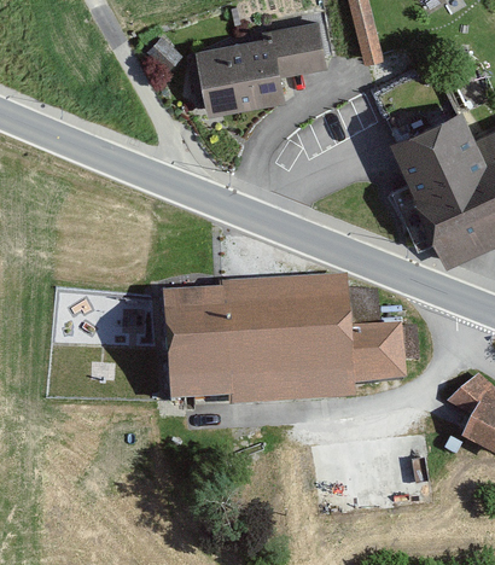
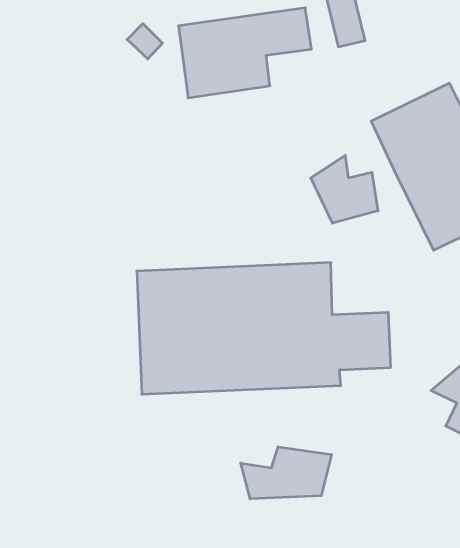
building: none -> [311,155,378,223]
building: none -> [241,447,331,499]

